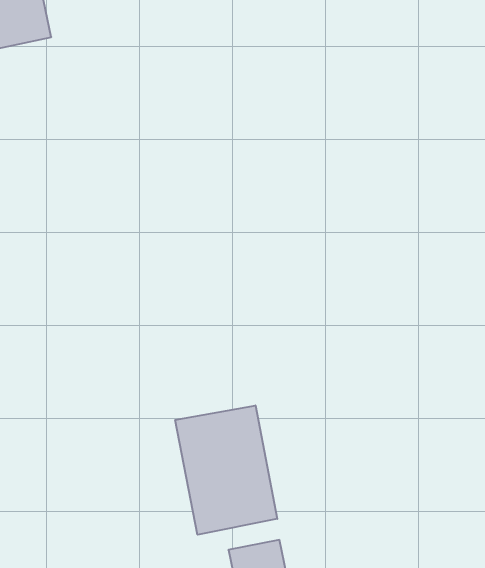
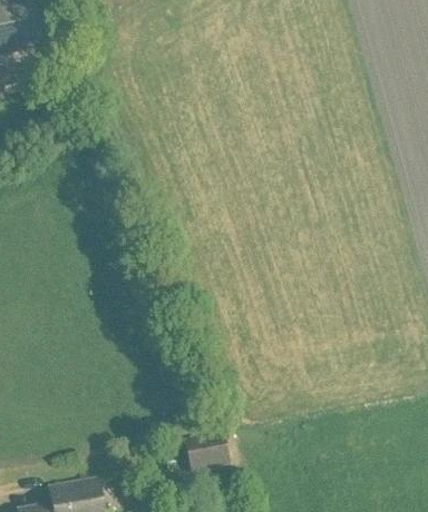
building: [175,405,277,535] -> none

